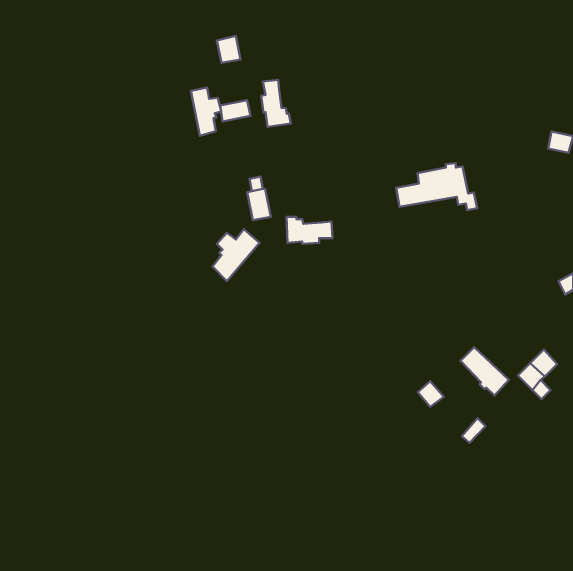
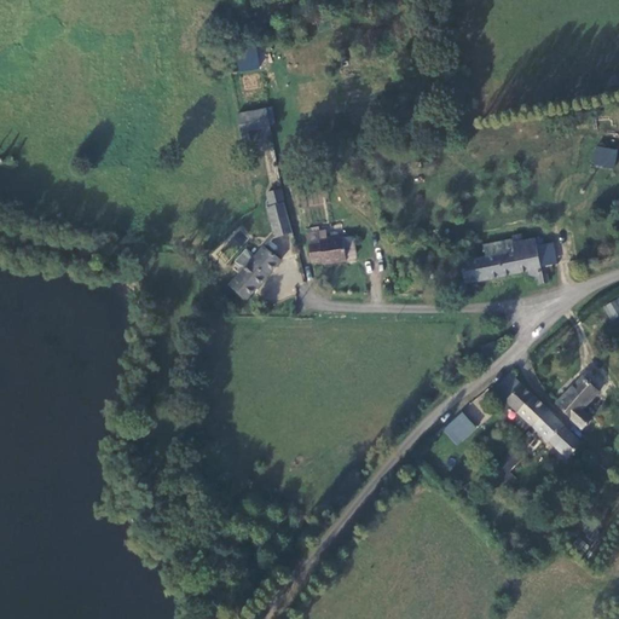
building: [261,80,291,127] -> none
building: [191,87,221,136] -> none
building: [396,163,477,210] -> [462,236,549,287]
building: none -> [532,409,580,456]

